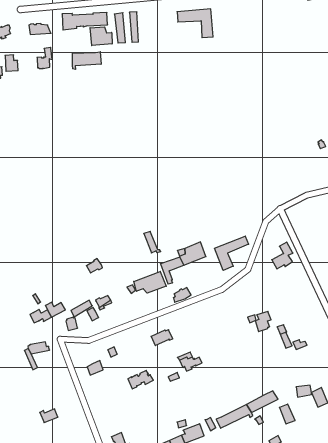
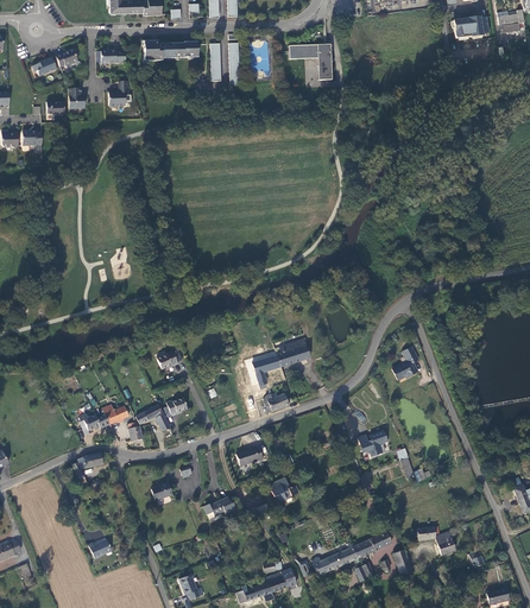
building: [90,27,112,46] -> none
building: [72,52,101,69] -> none
building: [215,236,249,270] -> none
building: [134,271,166,293] -> none

